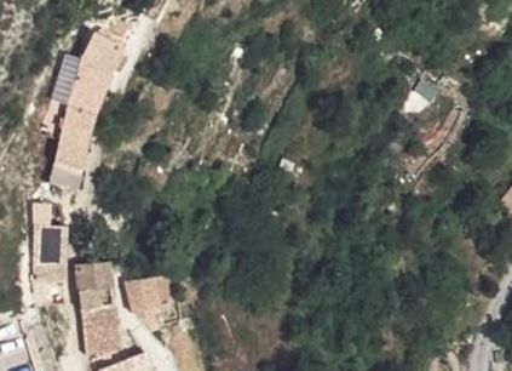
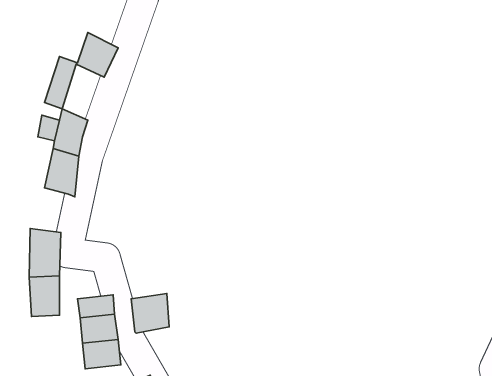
building: [65,63,105,116] -> none

